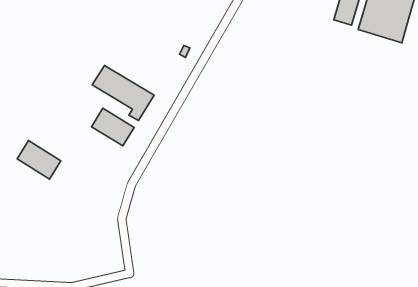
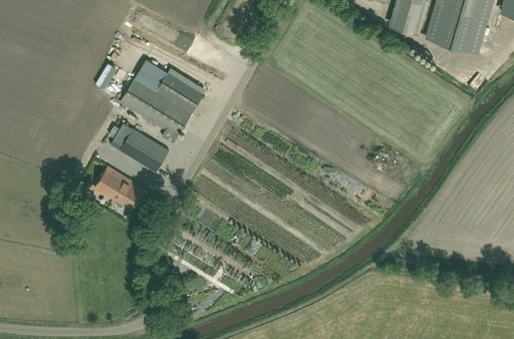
building: none -> [134,59,202,111]
building: [17,141,61,179] -> [93,165,144,210]

